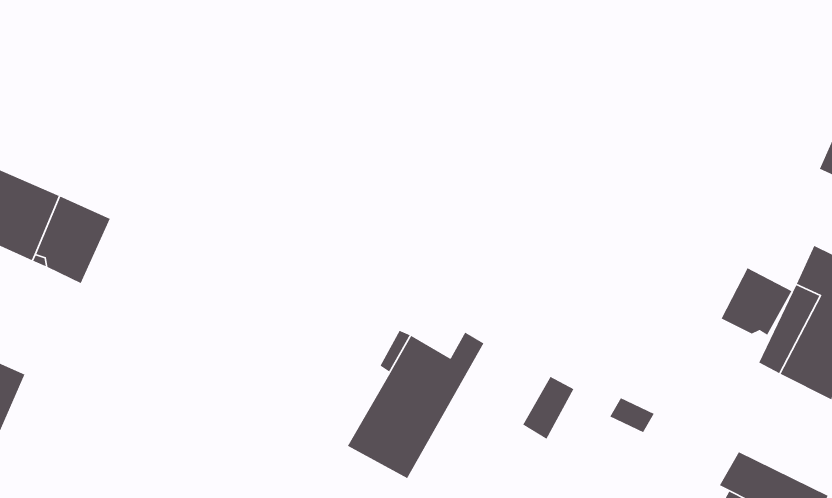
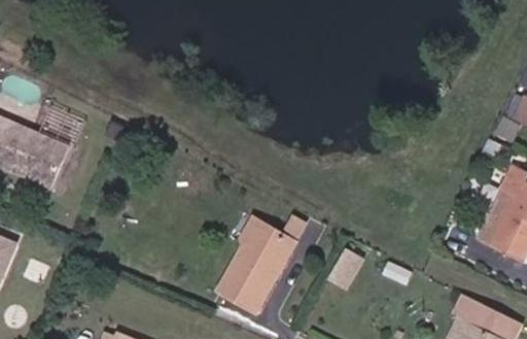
building: [720,267,793,336] -> none

